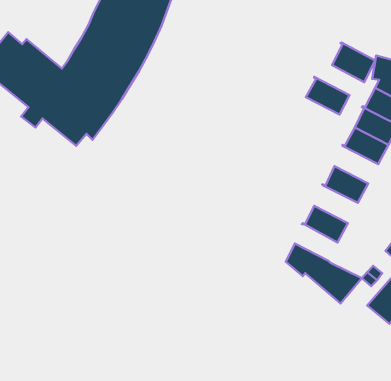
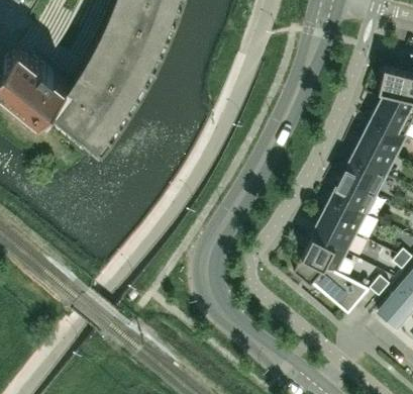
building: [332,43,375,82] -> none
building: [306,77,350,115] -> [342,156,386,193]
building: none -> [322,194,366,232]
building: none -> [303,233,345,270]

